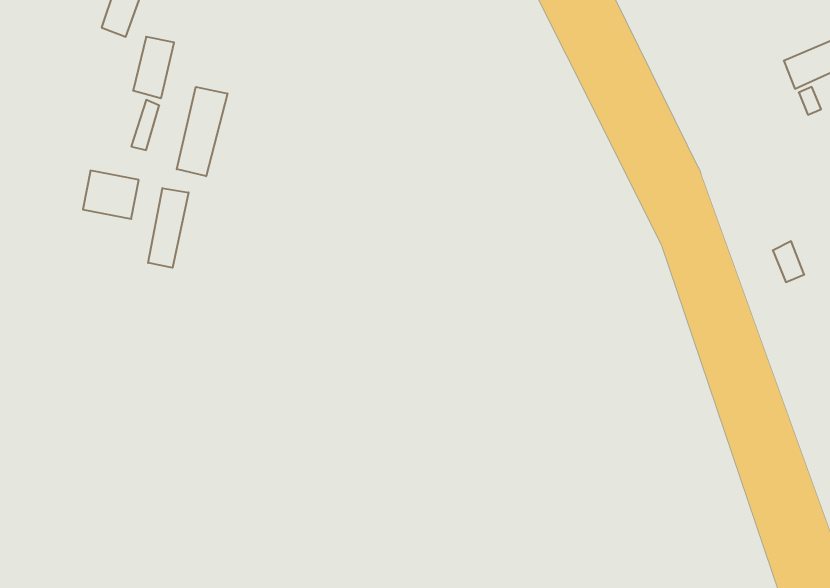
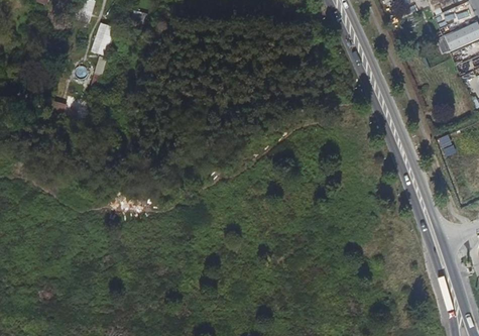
building: [177,87,227,176] -> none
building: [148,188,189,268] -> none

